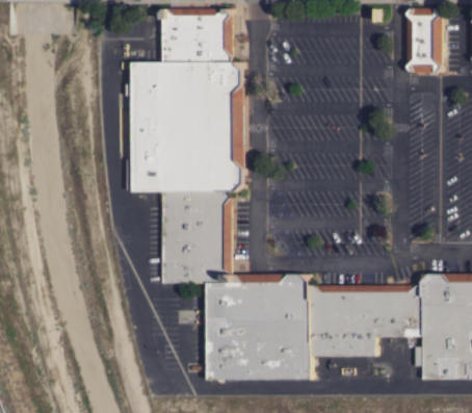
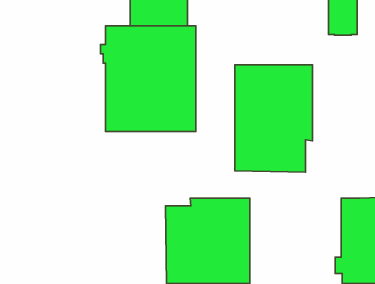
building: none -> [235,65,312,172]
building: [160,192,236,284] -> none
building: [309,286,421,357] -> none

